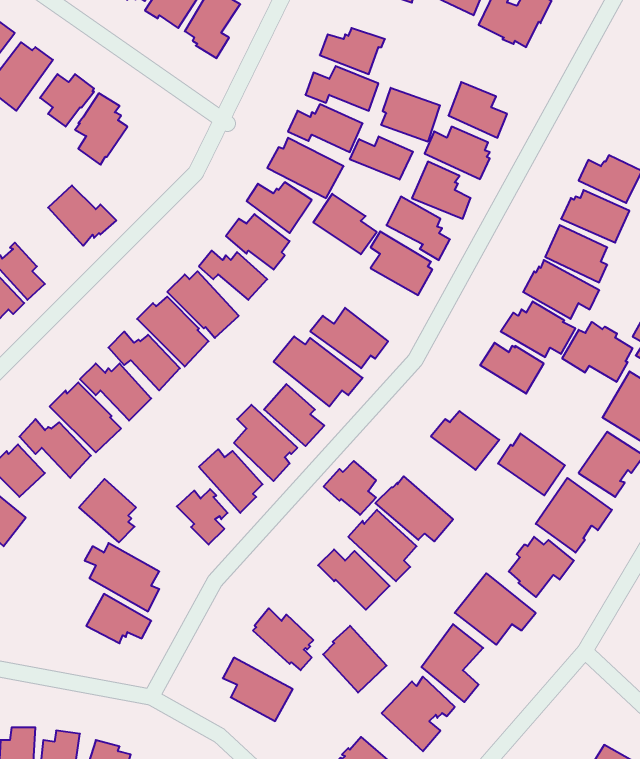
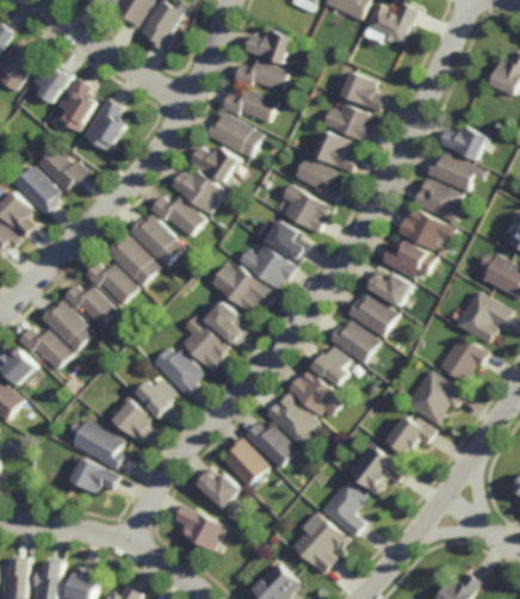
building: [381,88,440,142] -> none
building: none -> [86,99,130,155]
building: [350,136,413,180] -> none
building: [313,194,377,254] -> [262,216,310,261]
building: none -> [17,168,62,212]
building: [562,322,632,382] -> none
building: [498,433,565,495] -> [346,290,396,336]
building: [324,461,376,515] -> [309,345,348,385]
building: [79,479,136,542] -> [107,394,150,441]
building: [323,626,387,693] -> [219,437,267,487]

